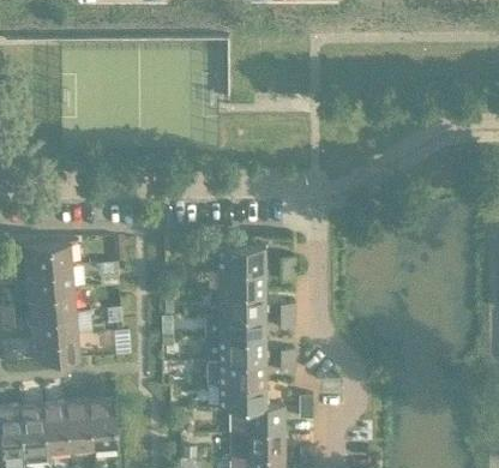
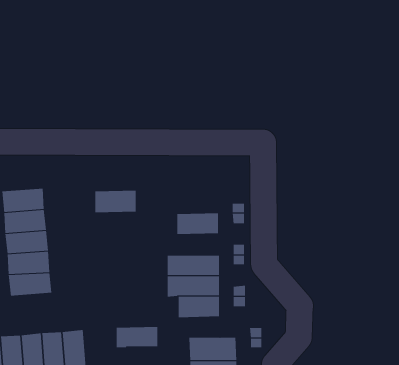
building: [220,245,266,270] -> [94,190,137,213]
building: [220,292,267,316] -> none
building: [221,384,267,408] -> [116,326,158,348]

